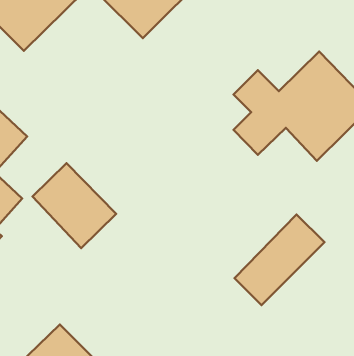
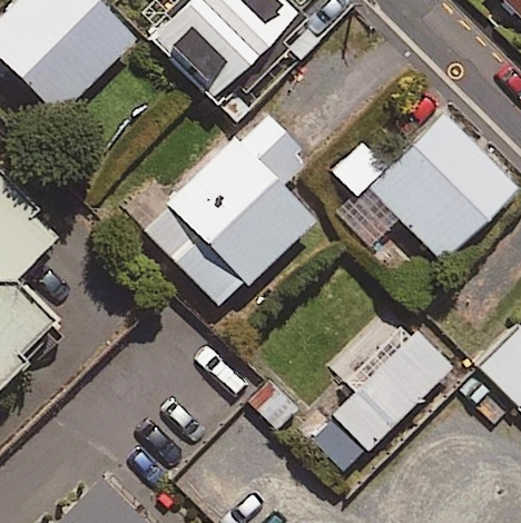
building: none -> [144,111,315,309]
building: [33,163,116,248] -> none

